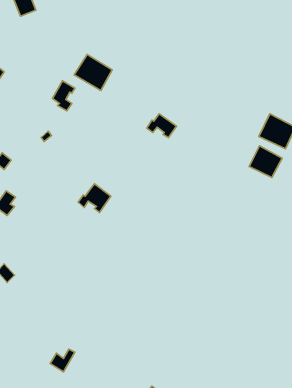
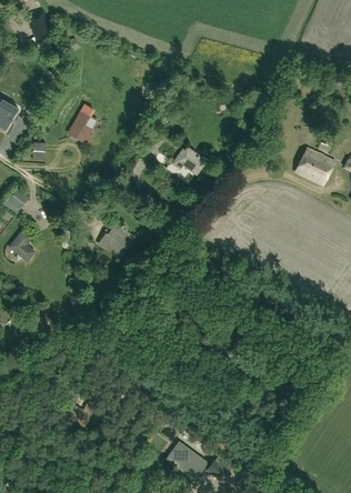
building: [74,55,112,90] -> none
building: [249,146,282,178] -> none

